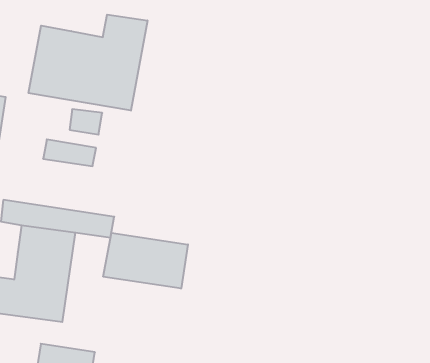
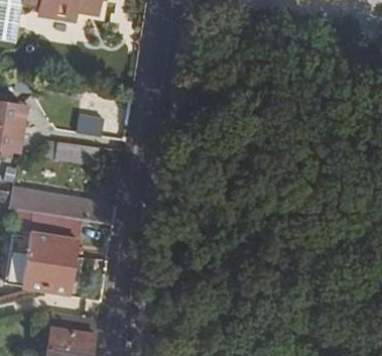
building: [29,15,147,111] -> none
building: [103,233,188,289] -> none

